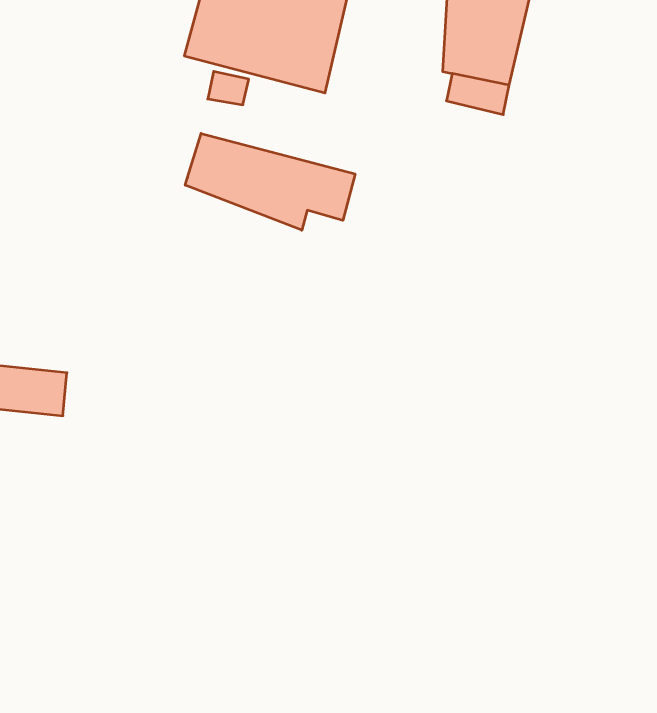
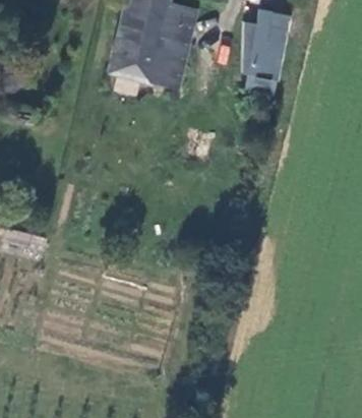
building: [185,133,355,230] -> none

